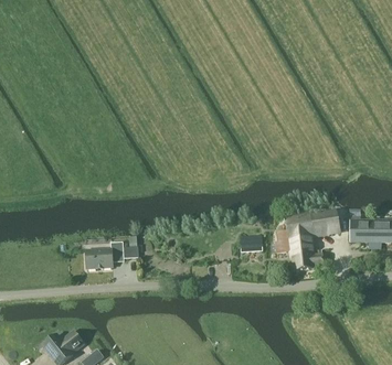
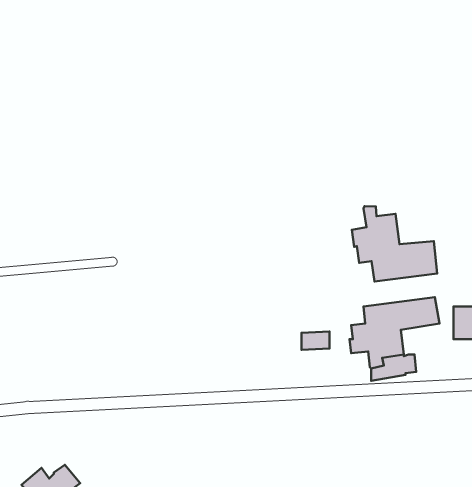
building: none -> [352,206,437,282]
building: [86,243,125,269] -> none

